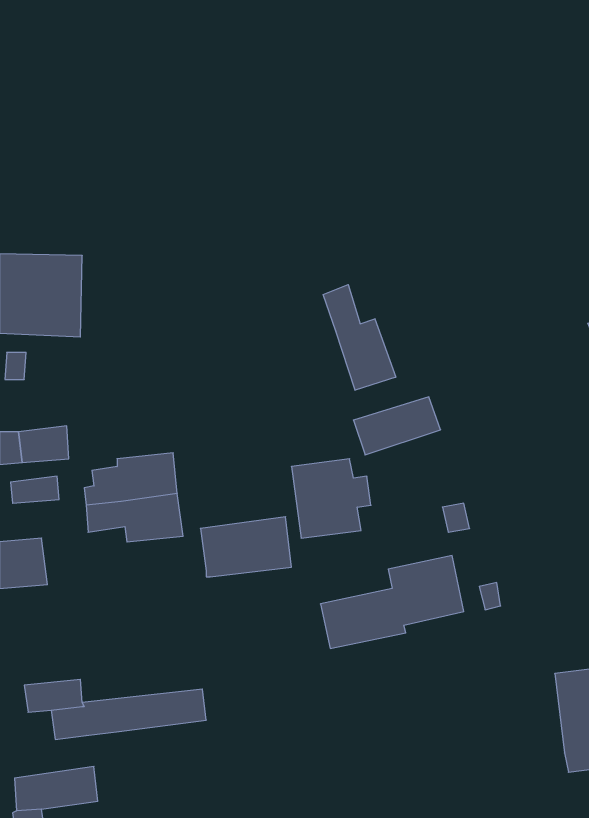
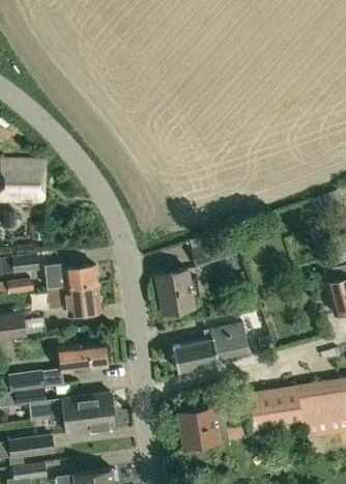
building: [323,285,396,390] -> none
building: [200,517,291,577] -> [57,339,106,371]
building: none -> [8,370,45,392]
building: none -> [246,385,304,436]
building: none -> [179,405,229,446]
building: none -> [65,409,114,433]

